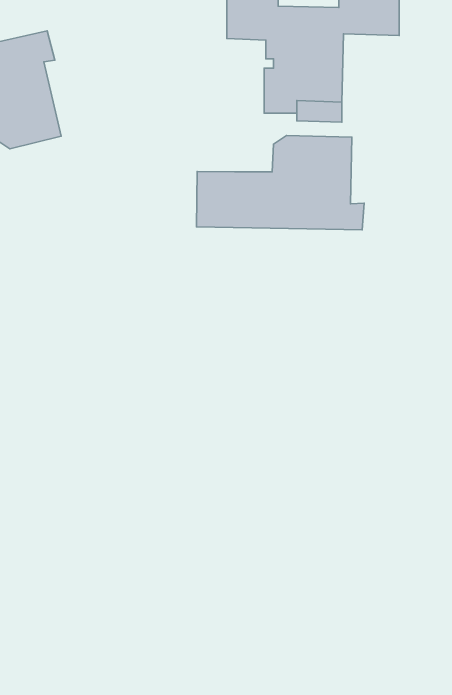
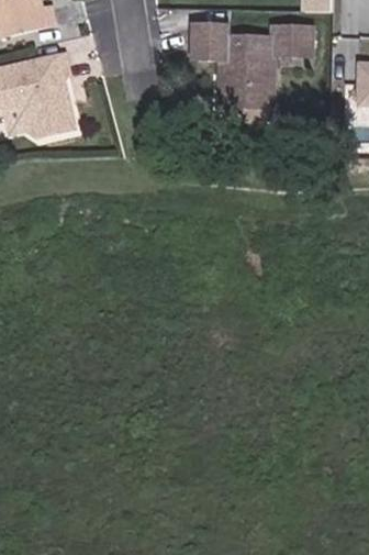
building: [196,135,364,230] -> none

